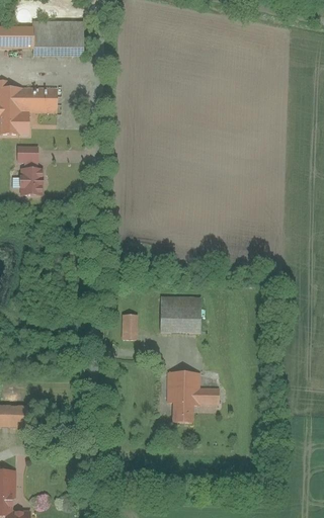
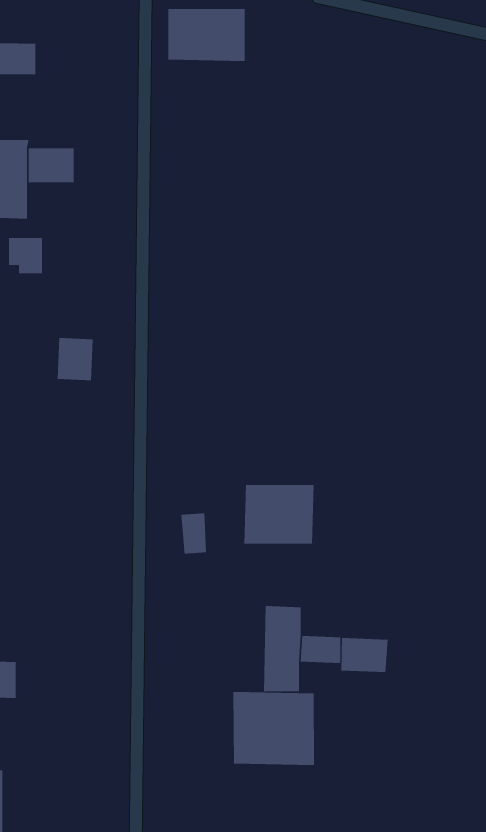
building: [33,23,81,56] -> [168,8,246,61]
building: [21,169,44,195] -> [57,338,93,381]
building: none -> [341,637,388,673]
building: none -> [233,691,315,766]

